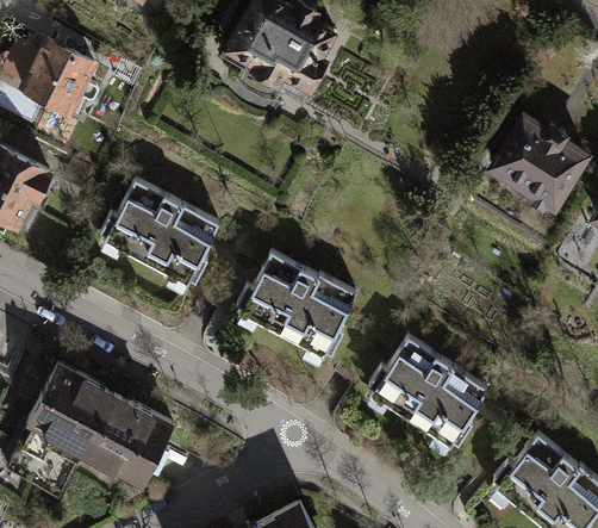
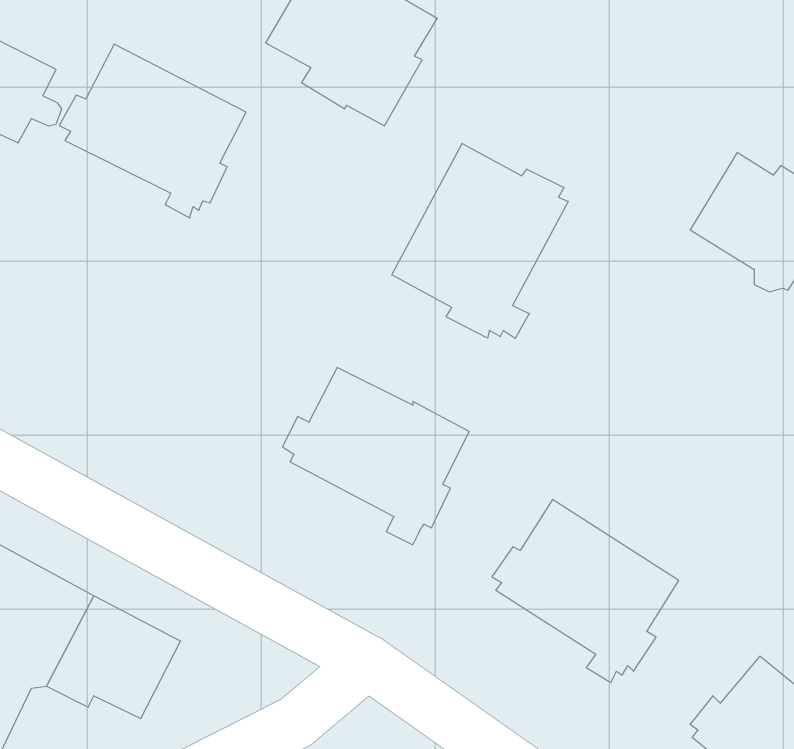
building: none -> [392,143,568,338]
building: [100,180,218,290] -> [59,44,246,218]

